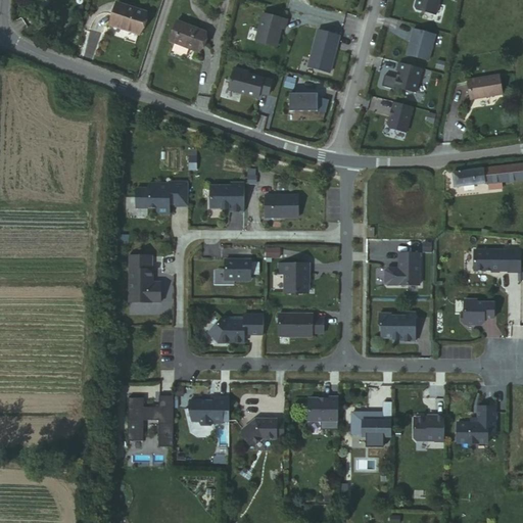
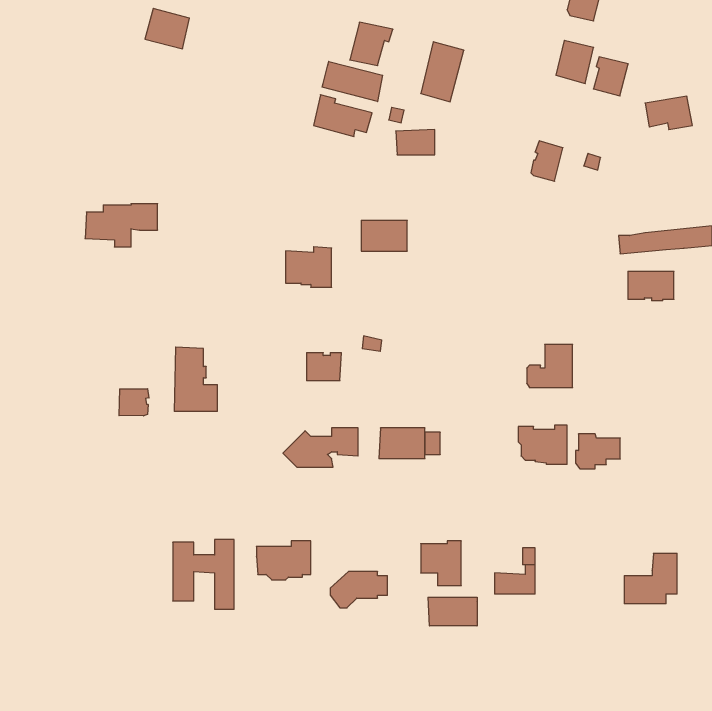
building: [171,17,204,46] -> none
building: none -> [322,61,383,102]
building: [396,64,422,93] -> [593,57,628,96]
building: [134,181,187,212] -> [85,204,158,247]
building: [265,194,298,217] -> [361,220,407,251]
building: [475,249,509,271] -> [628,271,674,301]
building: [278,263,308,292] -> none
building: none -> [119,389,149,416]
building: [463,298,495,324] -> [576,434,620,469]
building: [415,416,444,441] -> none
building: none -> [428,597,477,626]

